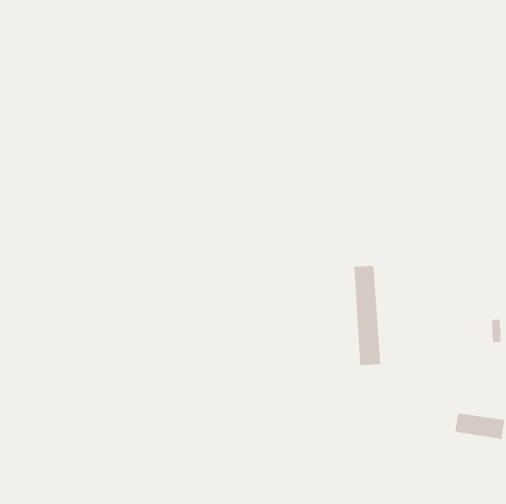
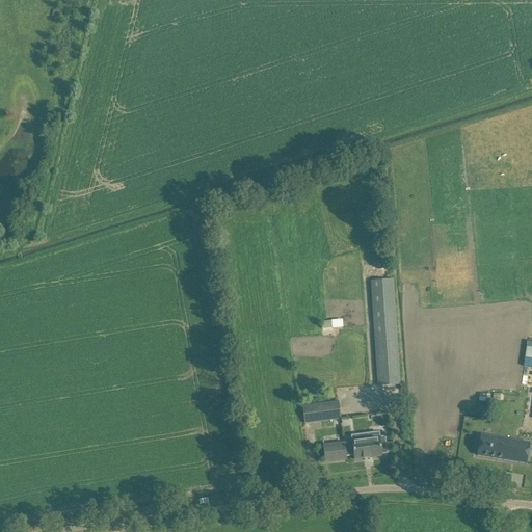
building: none -> [302,400,341,422]
building: none -> [323,431,387,460]

